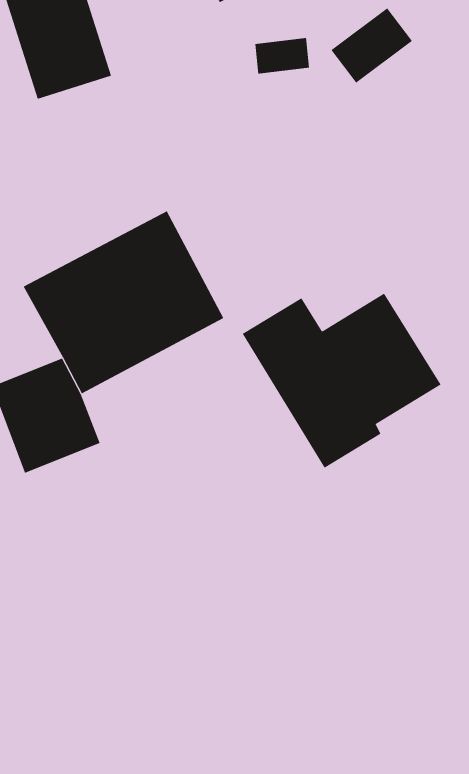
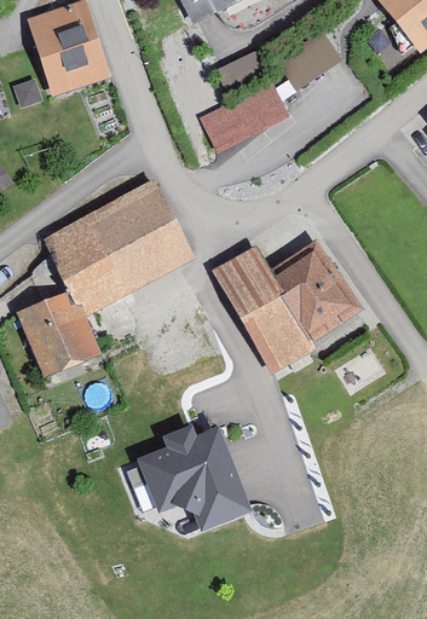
building: none -> [197,79,288,143]
building: none -> [134,417,252,532]

